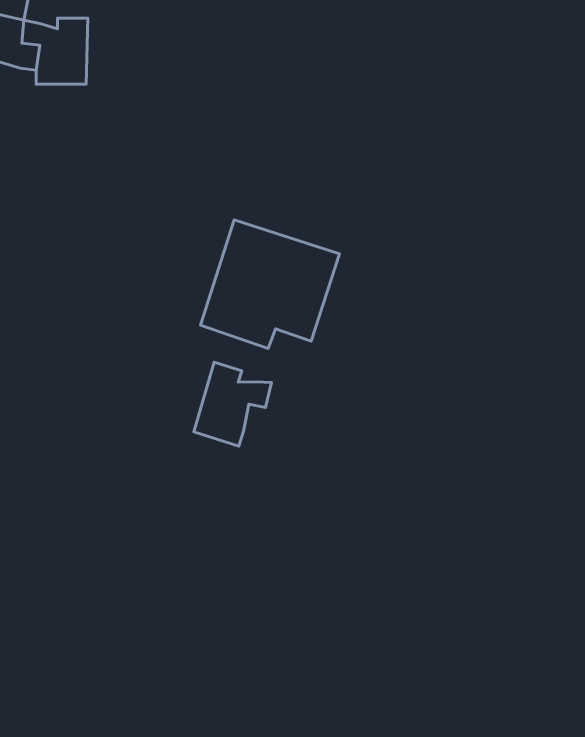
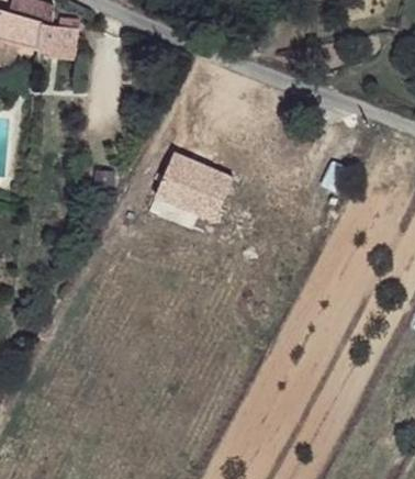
building: [194,362,272,446] -> none

